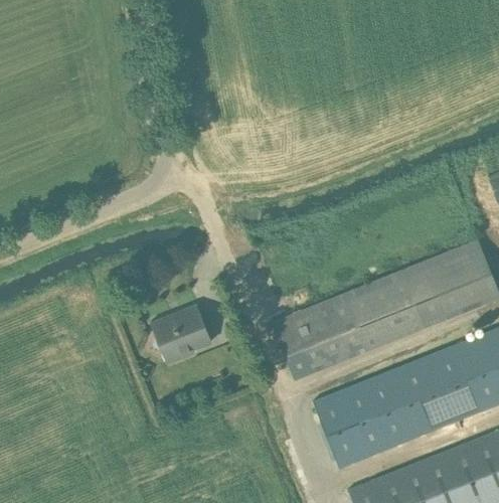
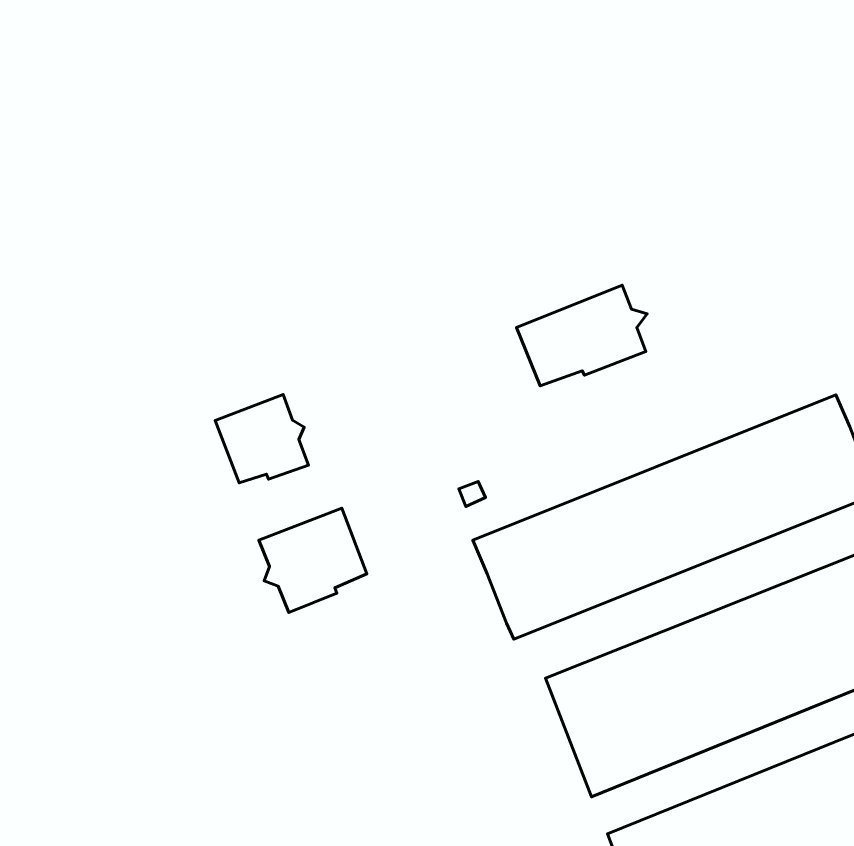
building: none -> [517,285,647,386]
building: none -> [215,394,308,483]

